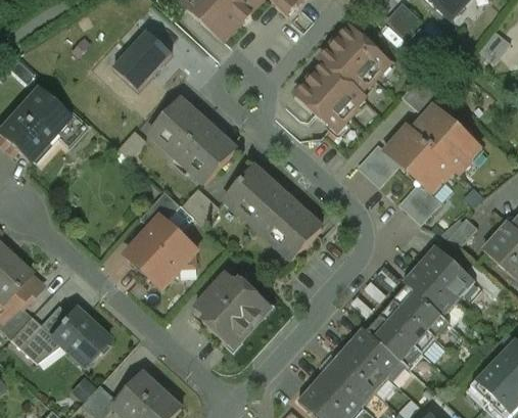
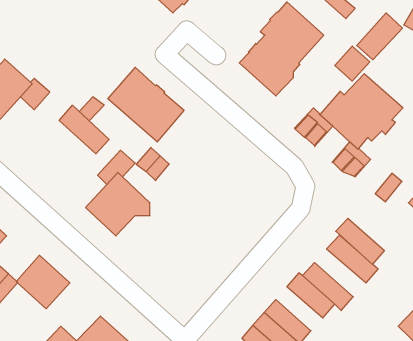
building: [119,31,177,90] -> none
building: none -> [357,13,402,60]
building: none -> [59,105,109,154]
building: [224,165,319,258] -> none
building: [416,244,475,301] -> none
building: [193,274,262,343] -> none
building: [379,299,436,353] -> none
building: [336,341,388,390] -> none

